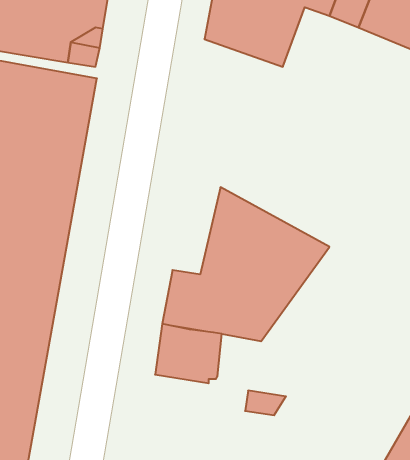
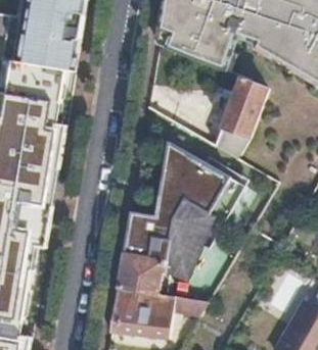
building: none -> [211,81,263,145]
building: none -> [110,286,175,337]

